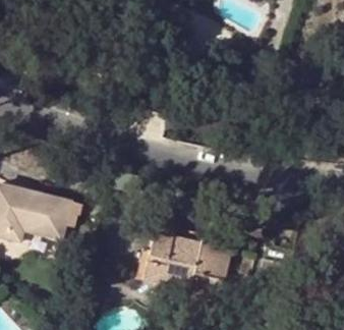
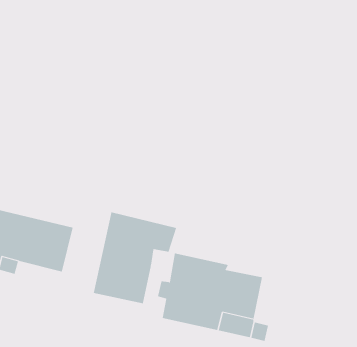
building: none -> [93,211,177,304]

